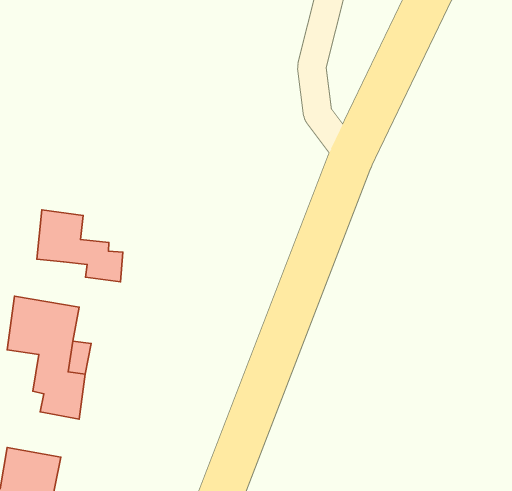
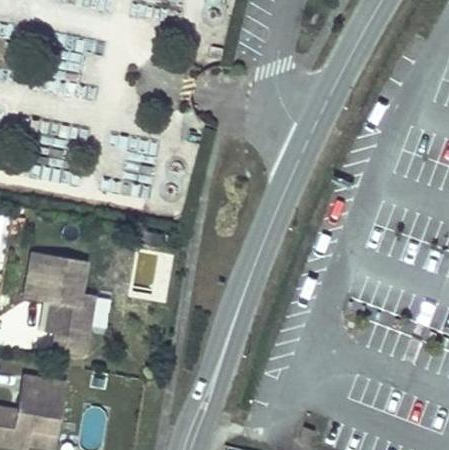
building: [37,210,123,282] -> none

